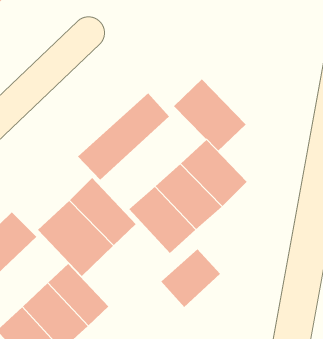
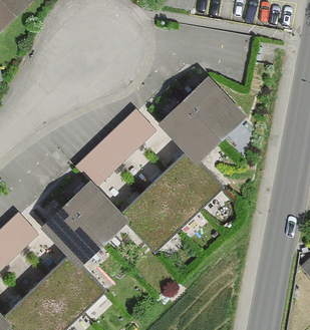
building: none -> [185,72,247,133]
building: [161,249,221,308] -> none

